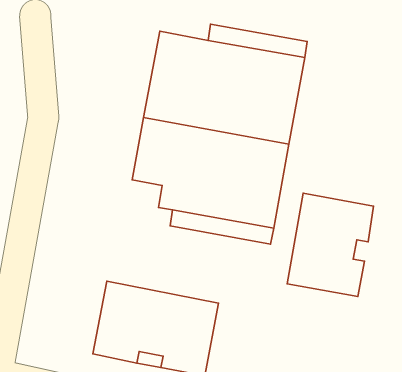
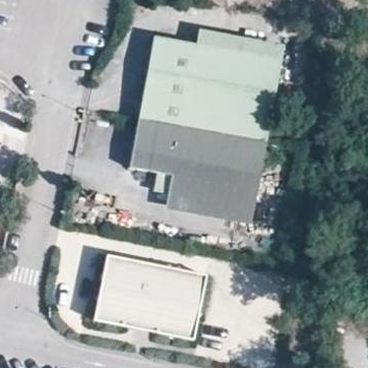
building: [287,193,374,297] -> none

